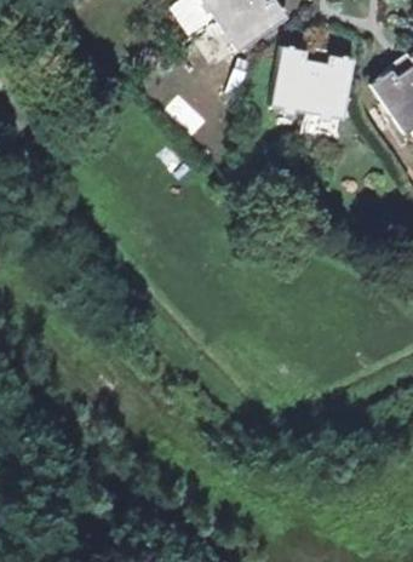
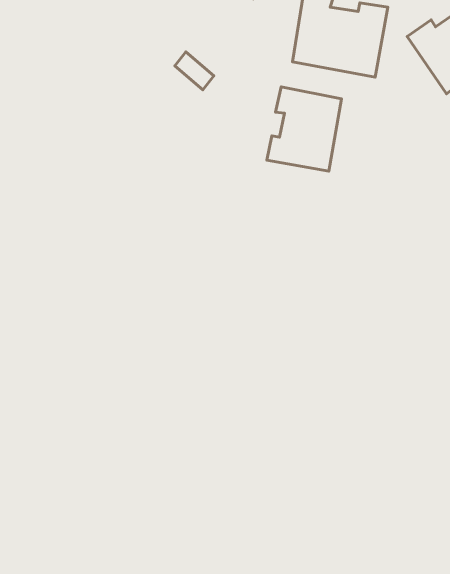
building: none -> [267,87,342,171]

